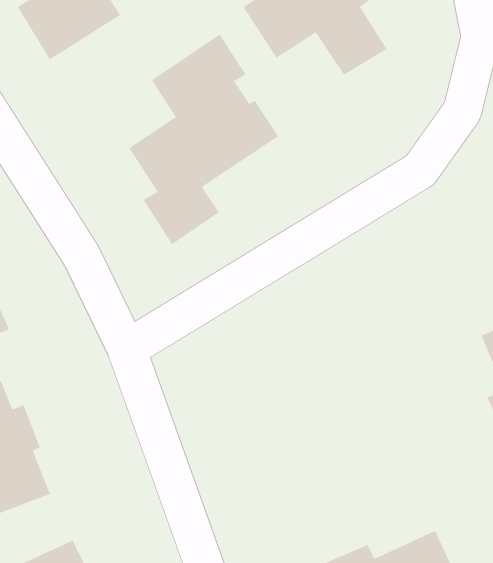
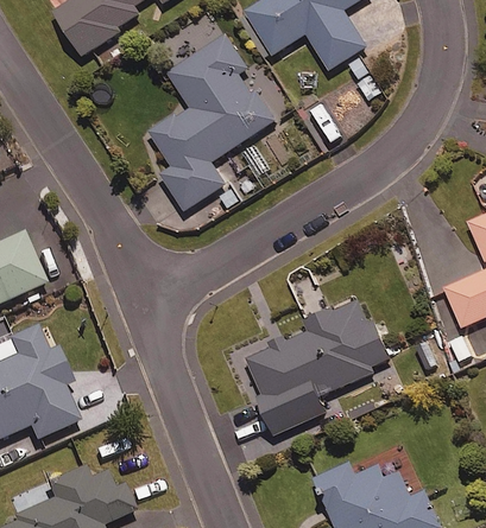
building: none -> [242,294,390,435]

